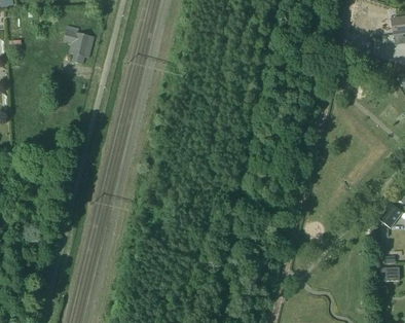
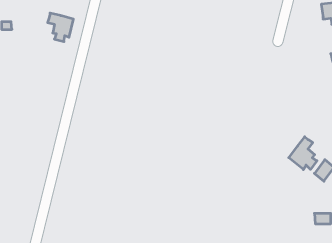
building: none -> [289,137,317,170]

